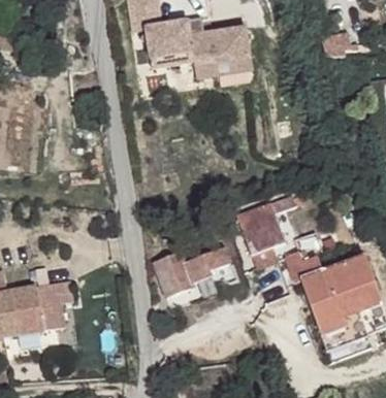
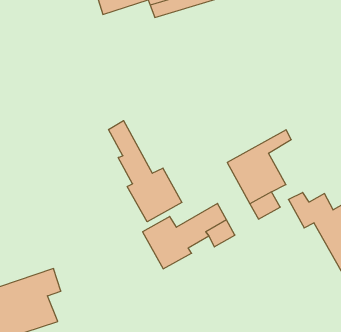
building: none -> [109,121,182,222]

